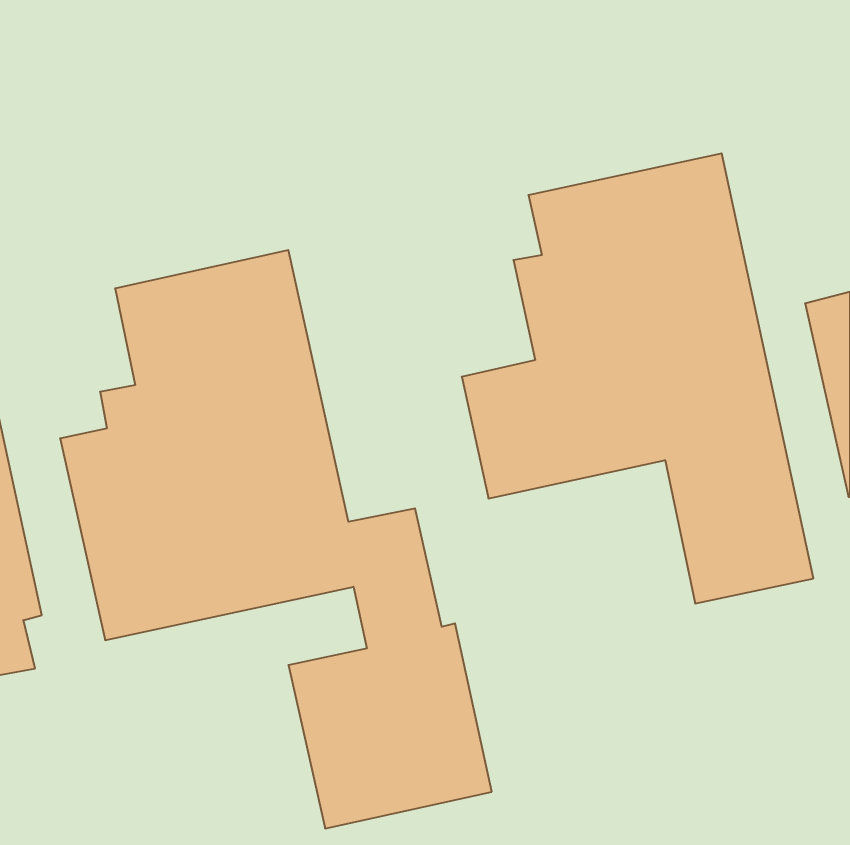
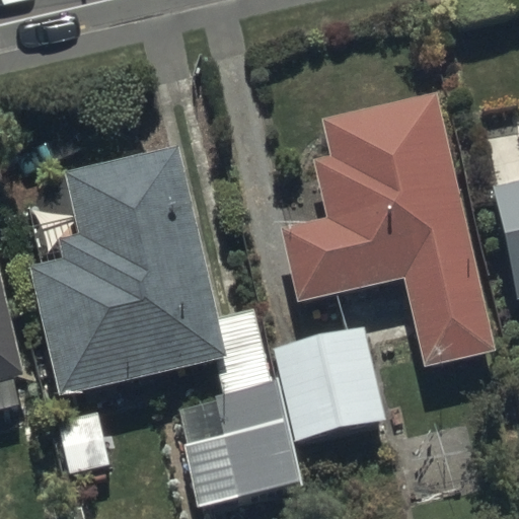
building: none -> [273,328,384,441]

